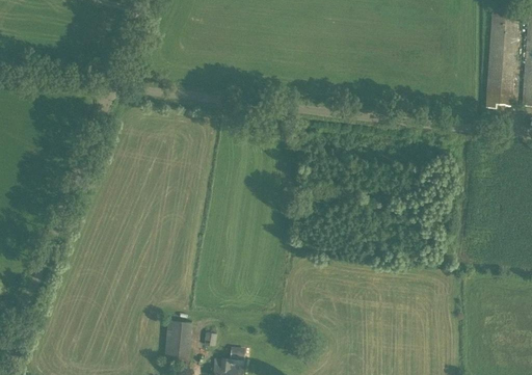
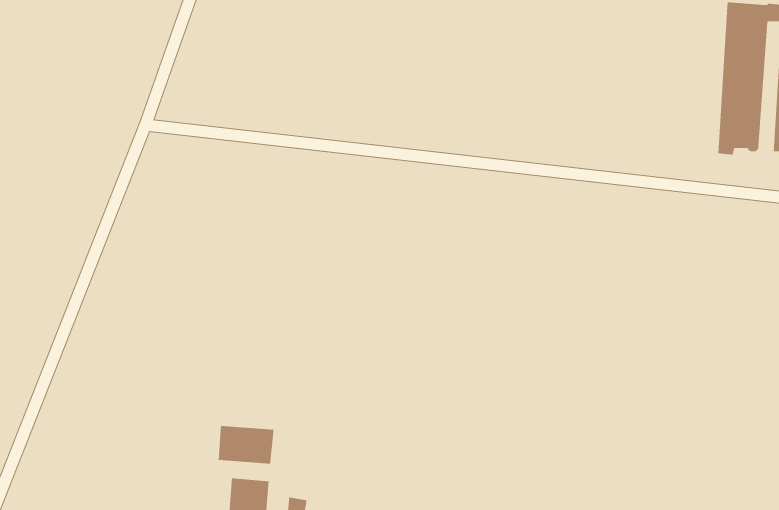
building: none -> [218,425,275,465]

